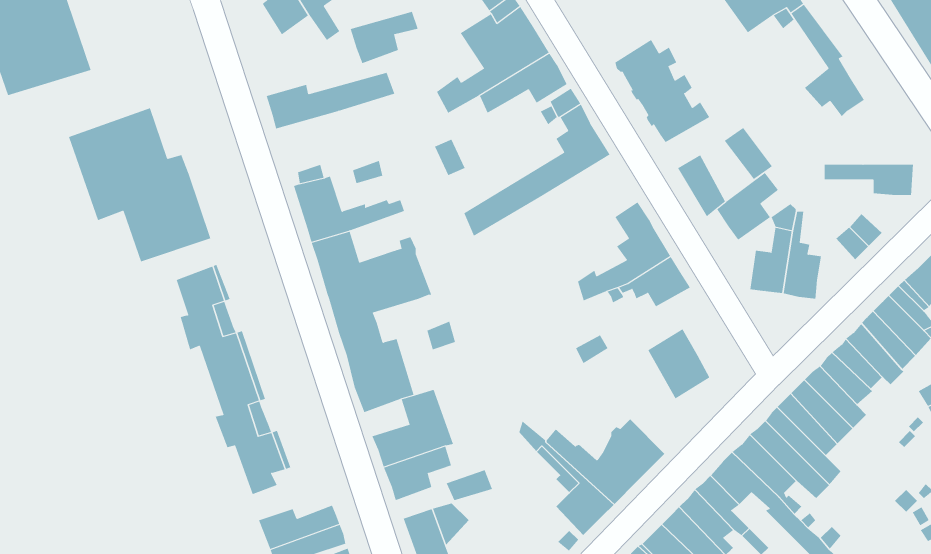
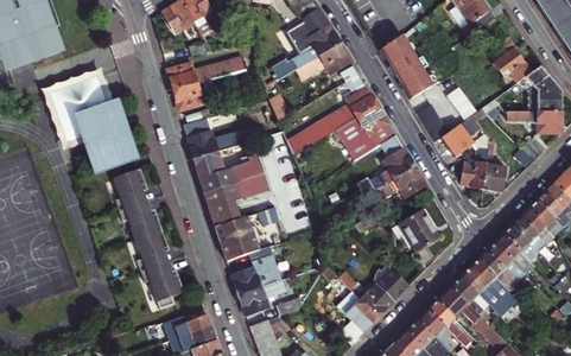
building: [350,11,418,64] -> [173,78,215,110]
building: none -> [520,64,560,110]
building: none -> [336,104,393,158]

